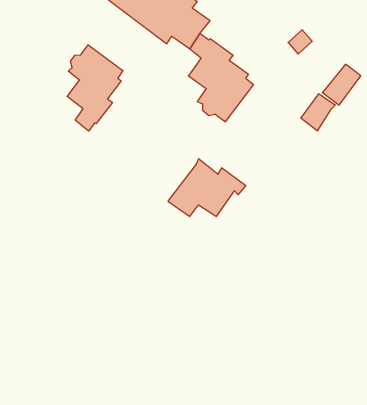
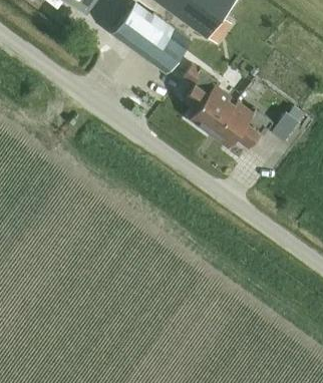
building: [67,45,123,131] -> none
building: [168,159,246,216] -> [210,99,271,144]

